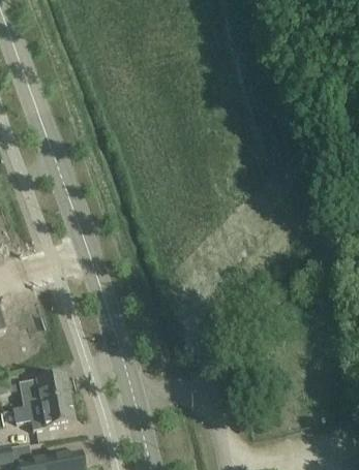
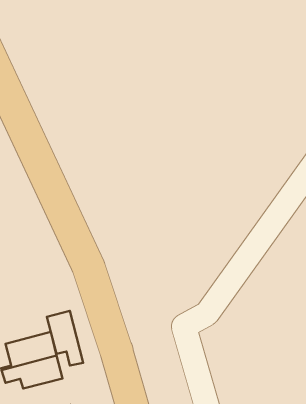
building: none -> [47,311,83,366]

